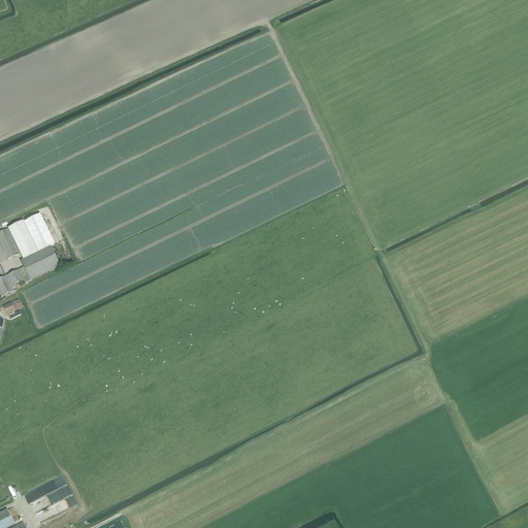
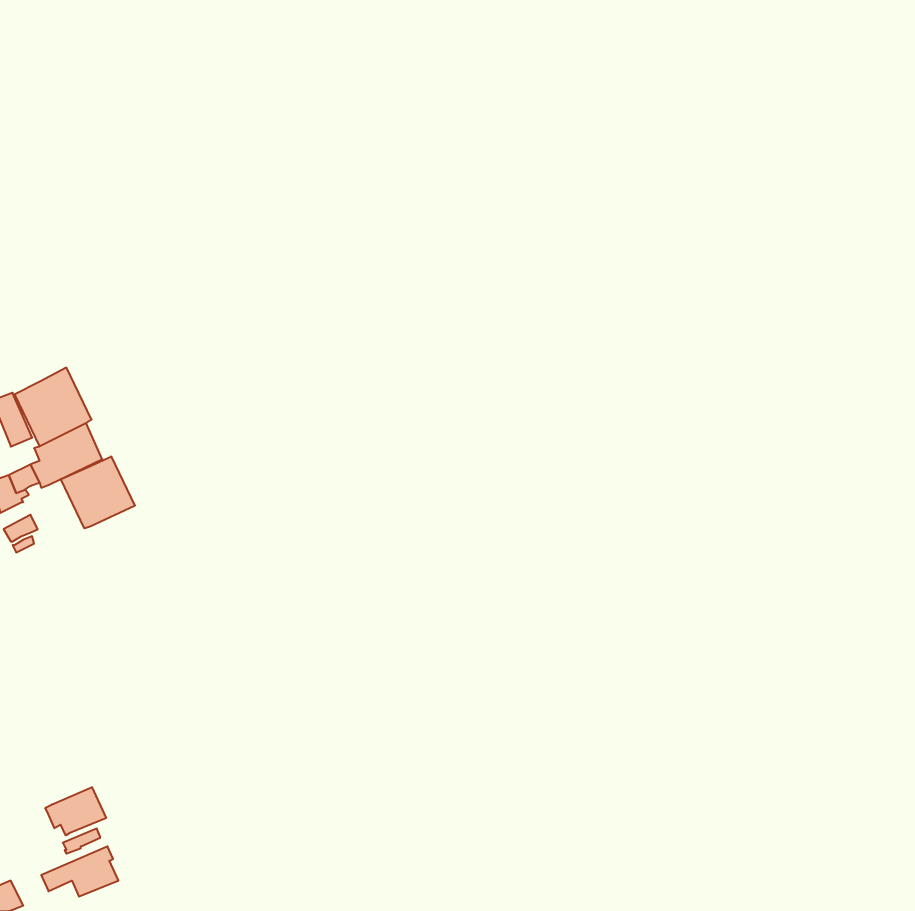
building: none -> [61,456,135,528]
building: none -> [45,787,106,835]

